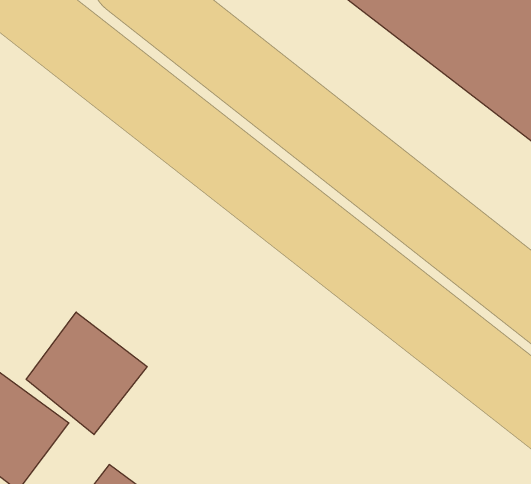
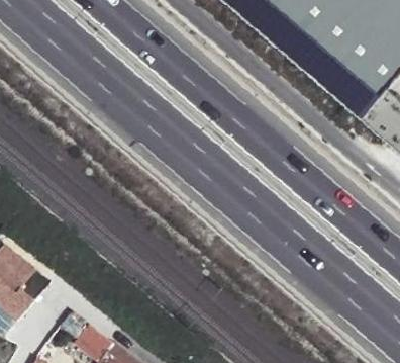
building: [26,312,147,435] -> none

